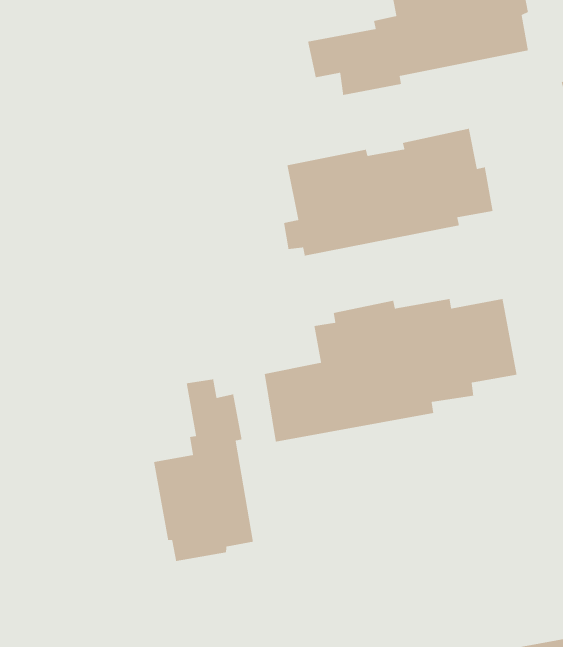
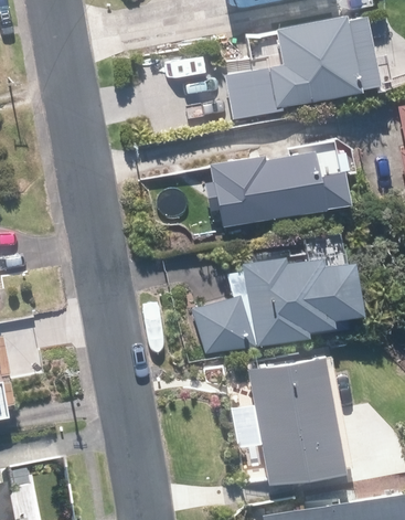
building: [153,378,254,562] -> none
building: none -> [247,355,348,488]

